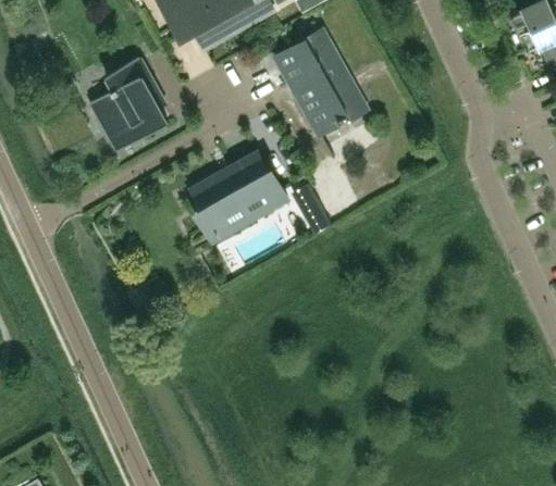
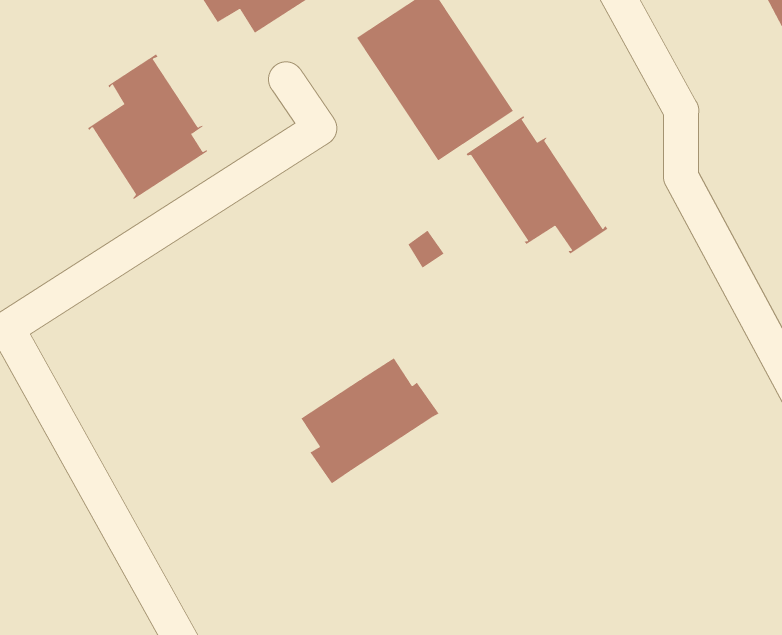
building: none -> [466,115,608,254]
building: [191,153,283,234] -> [300,357,439,484]

